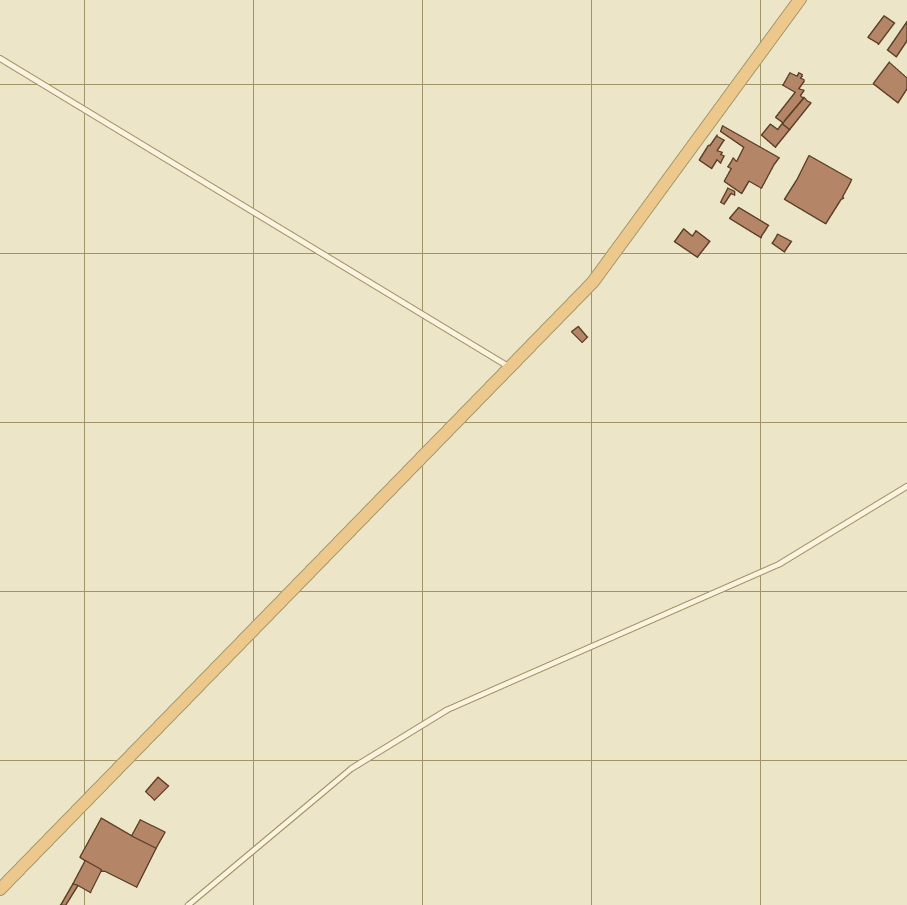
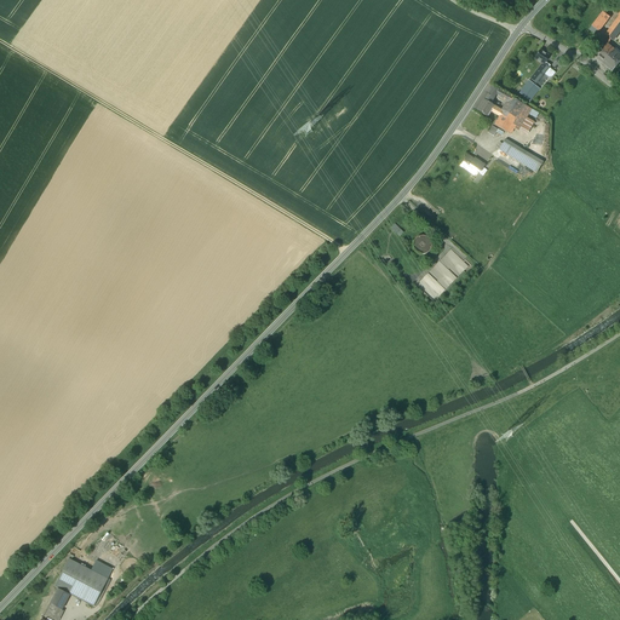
building: [785,156,851,224] -> none

